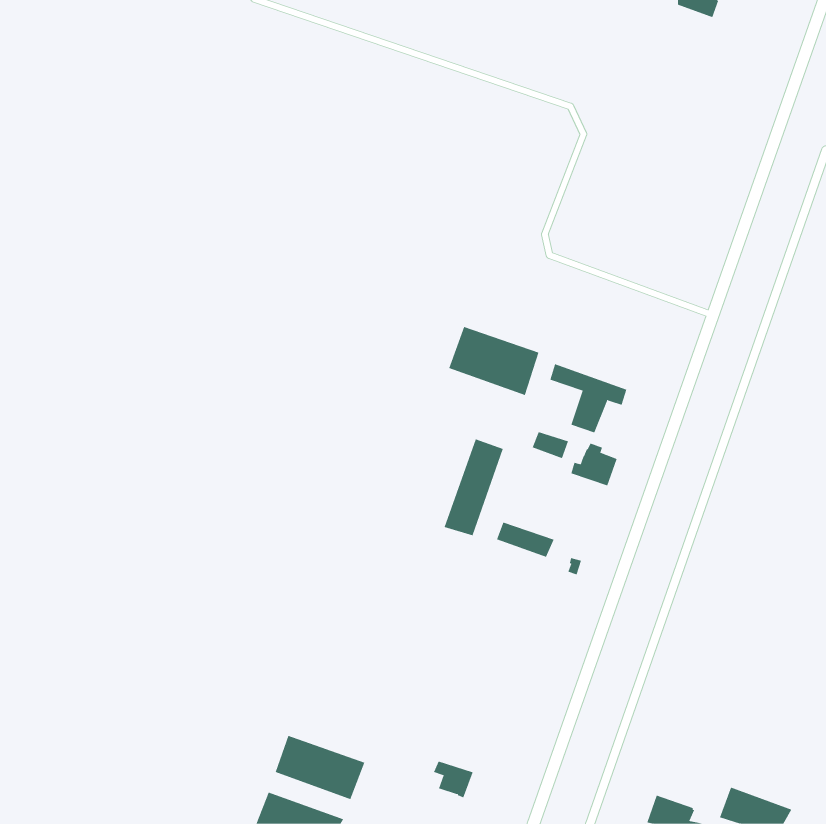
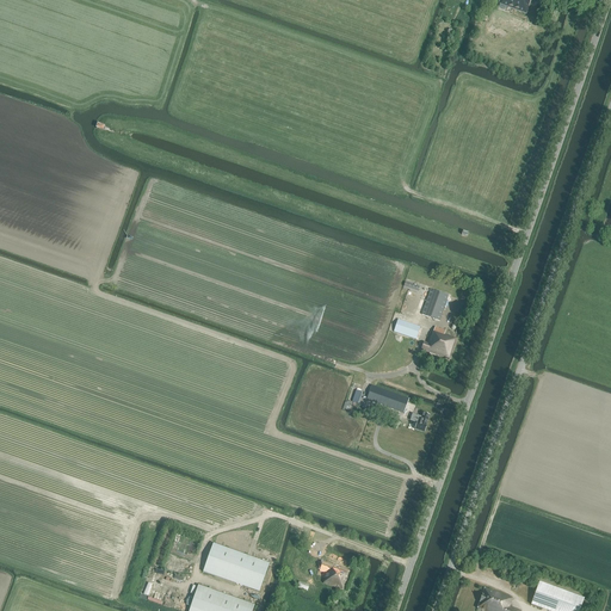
building: [449,326,539,396] -> none
building: [444,438,503,536] -> none

